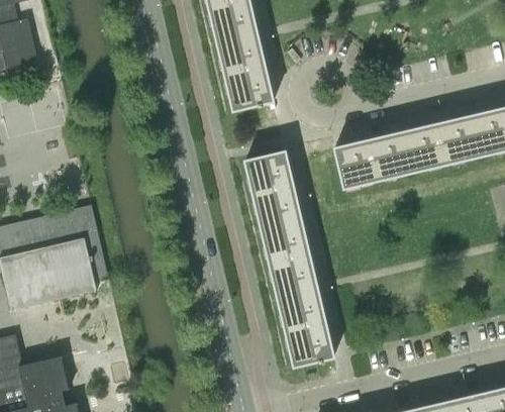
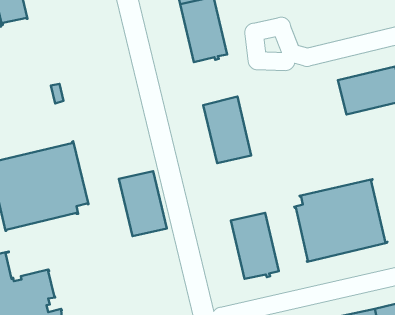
building: [333,131,412,188] -> none
building: [260,220,316,297] -> [119,171,167,236]
building: none -> [294,179,387,262]

